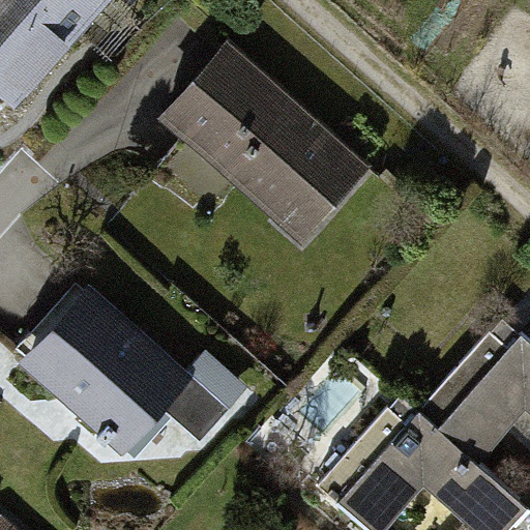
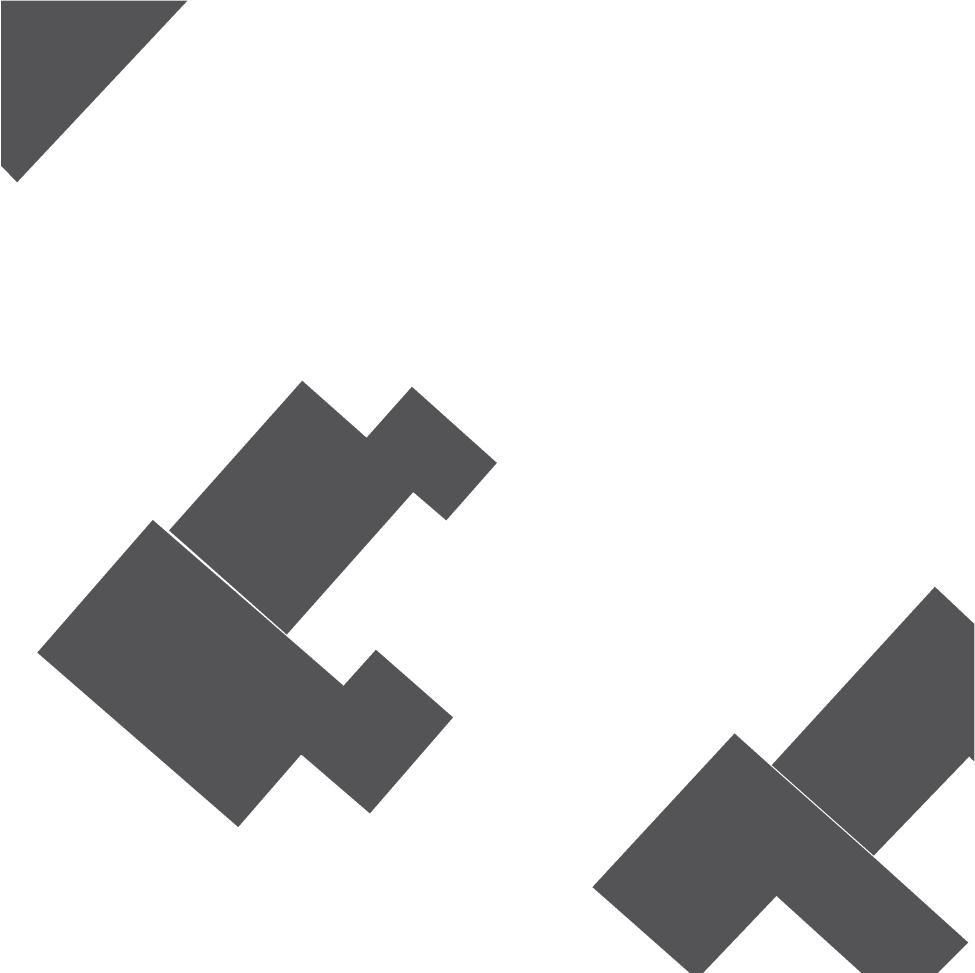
building: [160,45,369,245] -> none
building: none -> [168,380,498,636]

